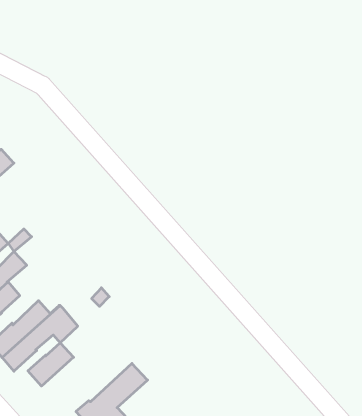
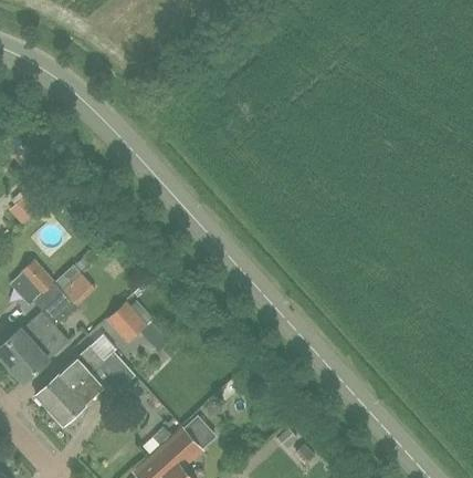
building: none -> [105,301,147,344]
building: [28,343,74,386] -> none

